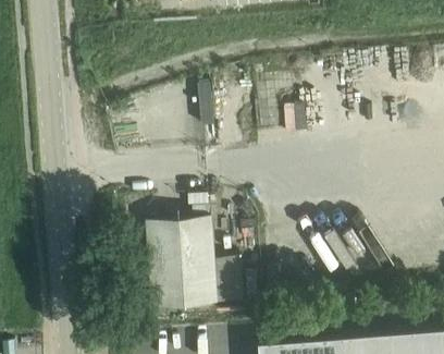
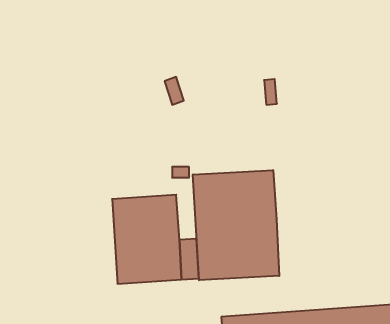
building: none -> [193,170,279,280]

